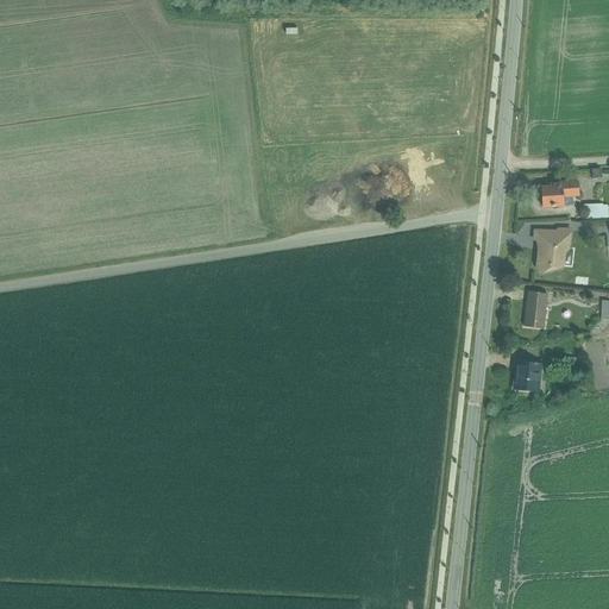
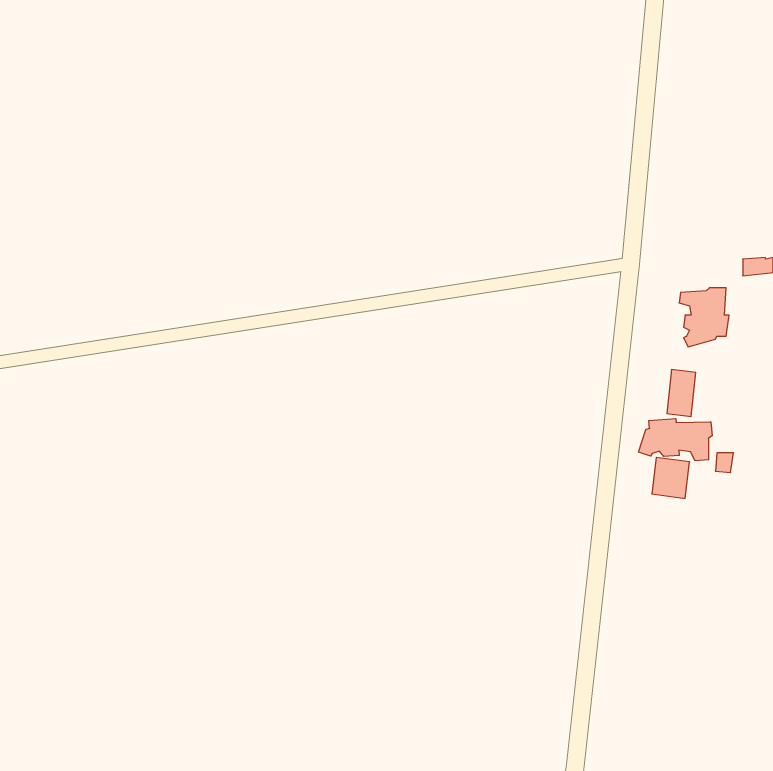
building: [540,180,578,206] -> none
building: none -> [638,419,712,461]

